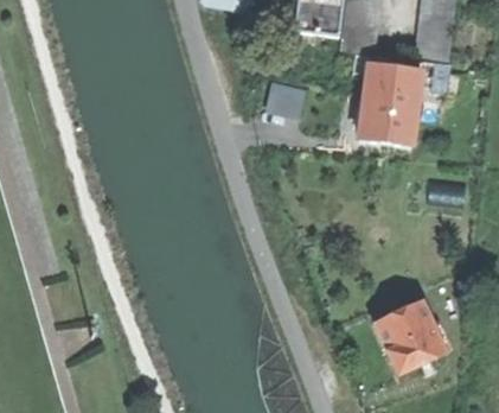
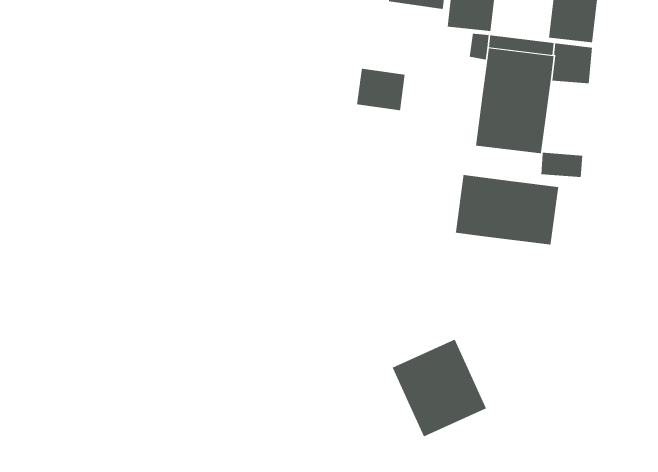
building: none -> [455,174,559,246]
building: [373,299,444,373] -> [392,339,487,437]

